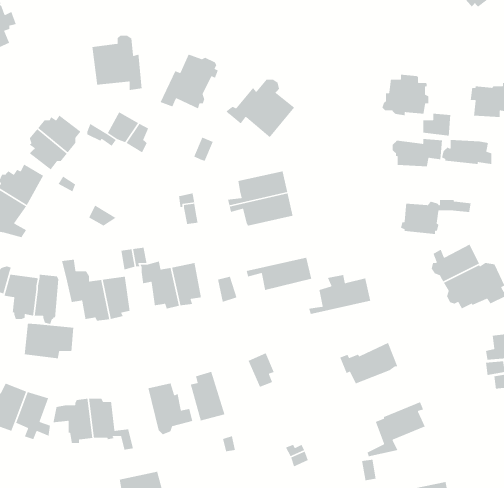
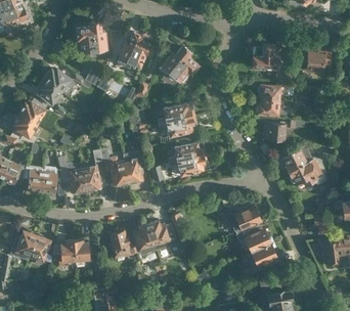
building: [441,139,492,165] -> [255,100,286,116]
building: [308,274,371,315] -> [168,139,206,164]
building: [24,323,74,359] -> none
building: none -> [148,221,183,251]
building: none -> [235,224,274,253]

